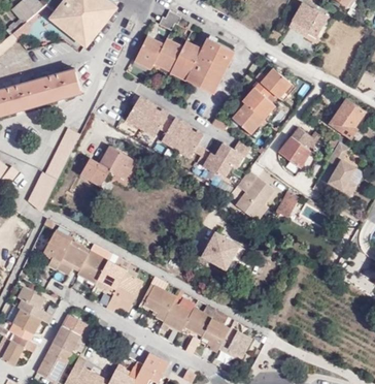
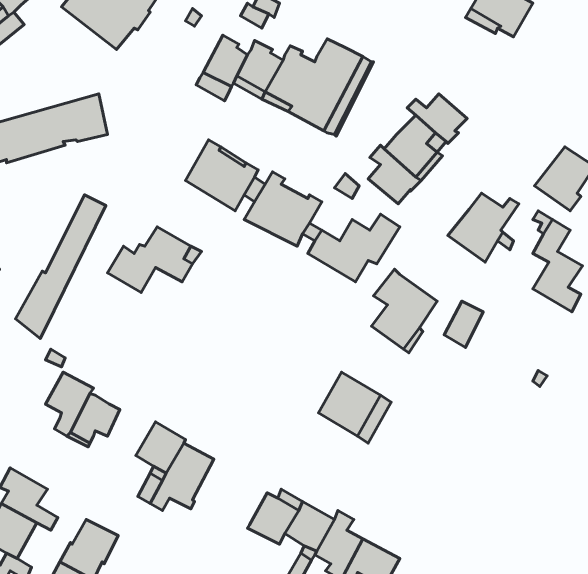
building: [77,251,108,284] -> none
building: [140,283,175,320] -> none

